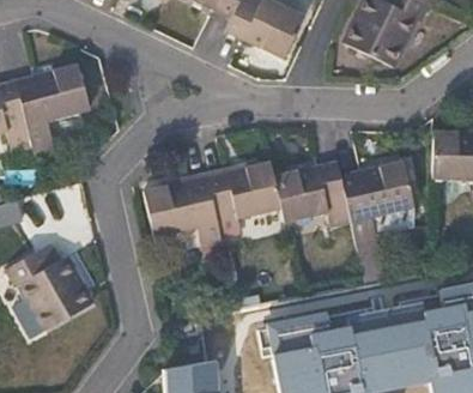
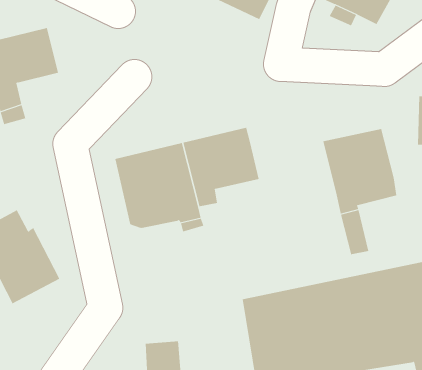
building: [274,161,354,228] -> none

